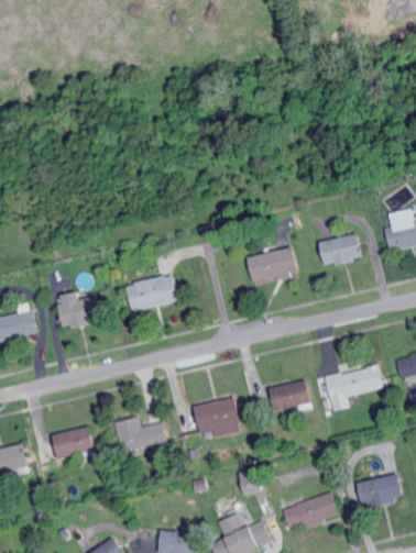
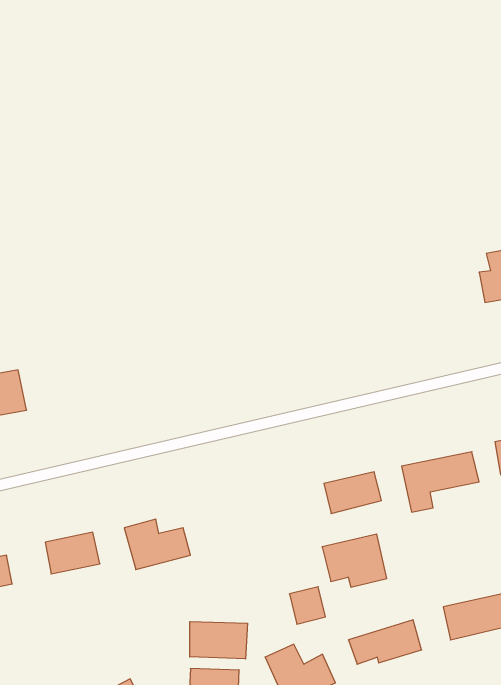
building: [319,235,362,266] -> none
building: [247,247,297,281] -> none
building: [125,275,178,312] -> none
building: [57,292,99,328] -> none
building: [191,397,241,438] -> [322,534,387,587]
building: none -> [190,622,247,659]

